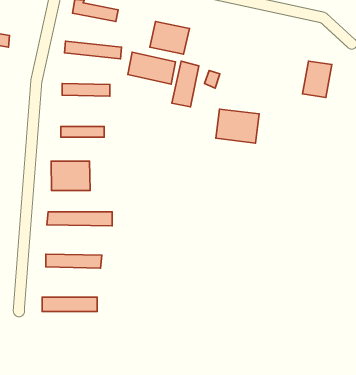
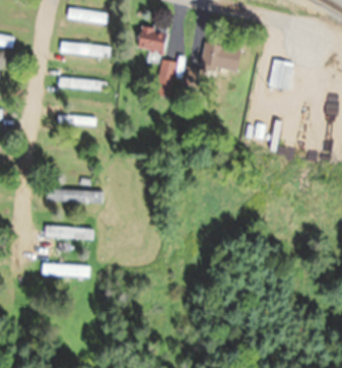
building: [128,52,175,84] -> none
building: [216,109,259,143] -> [201,43,238,72]
building: [51,161,90,191] -> none

